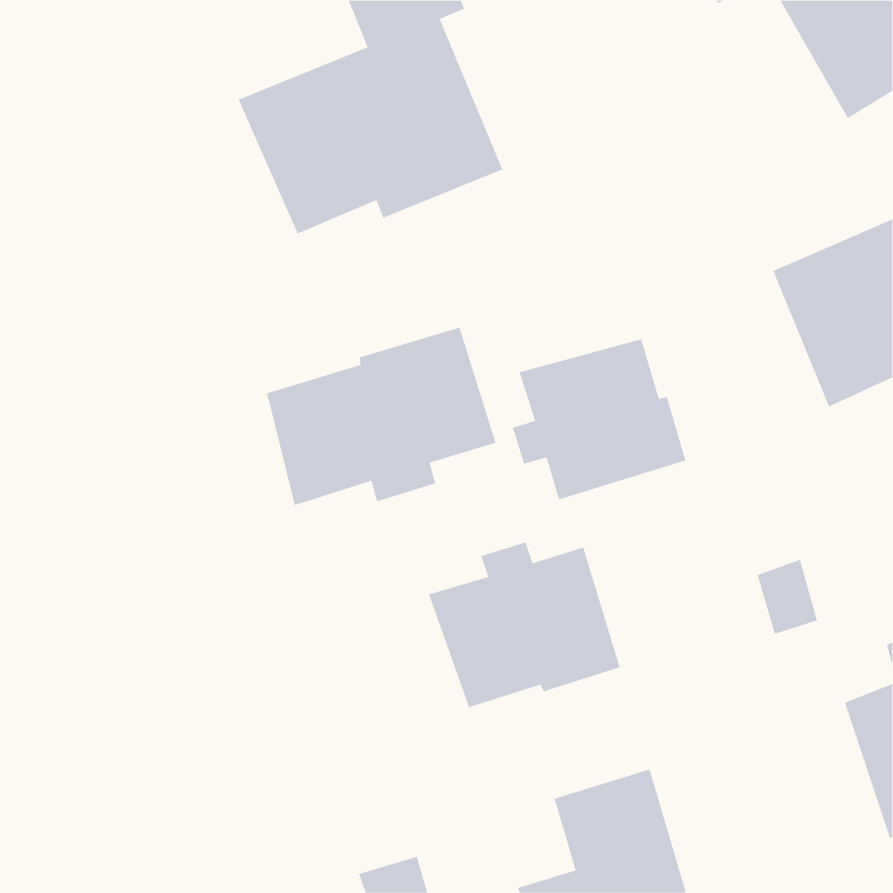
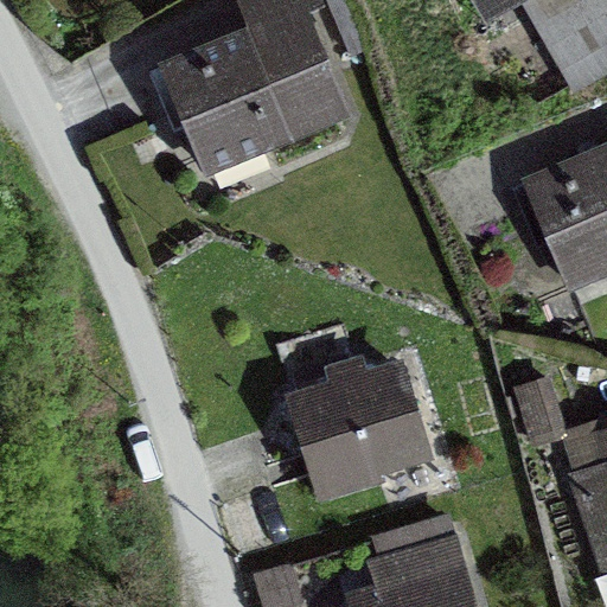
building: [266,327,496,506] -> none
building: [512,338,686,500] -> none

